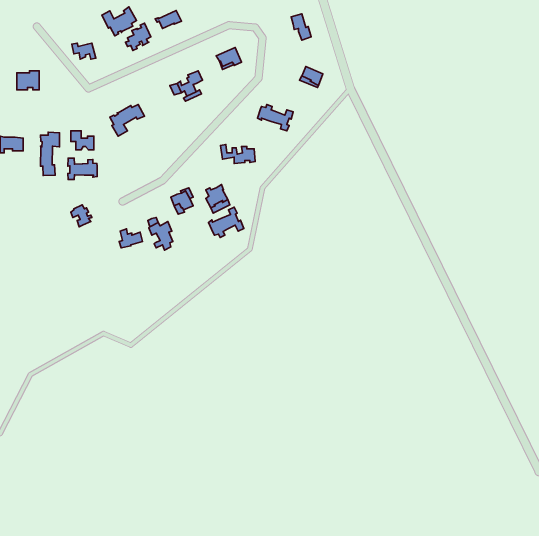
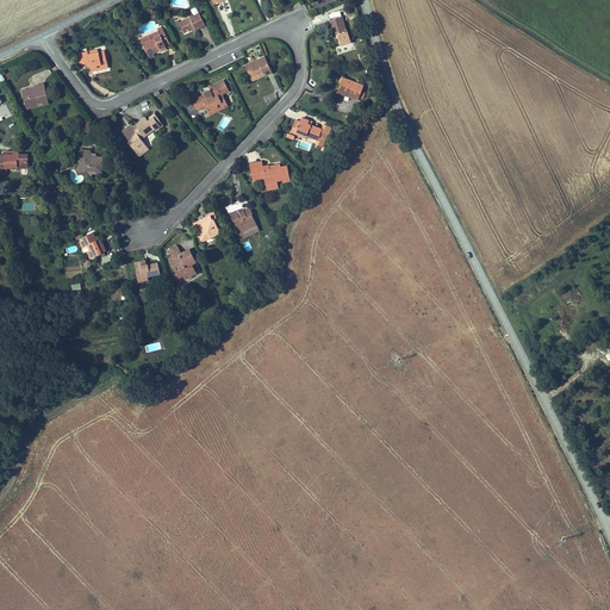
building: [102,7,136,36] -> none
building: [40,132,59,175] -> none
building: [68,158,97,179] -> none
building: [208,207,244,238] -> none

